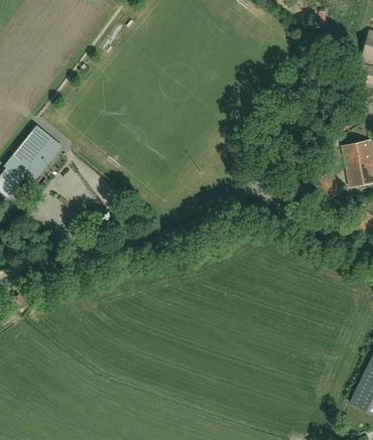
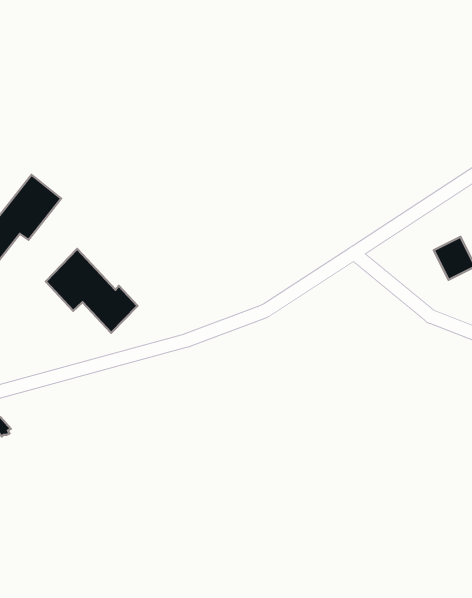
building: none -> [46,249,137,333]

